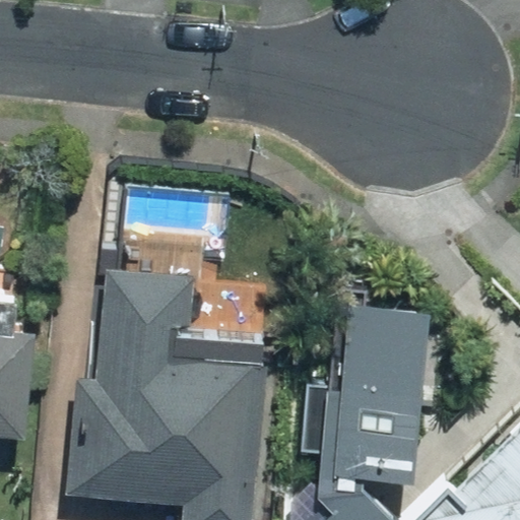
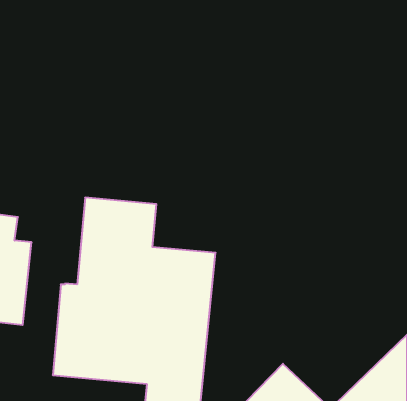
building: [298,287,431,466] -> none

